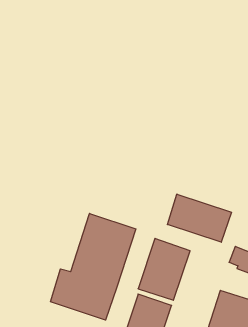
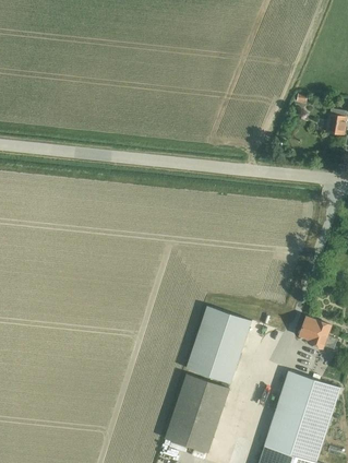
building: [167,194,232,242] -> none
building: [51,213,136,320] -> none

